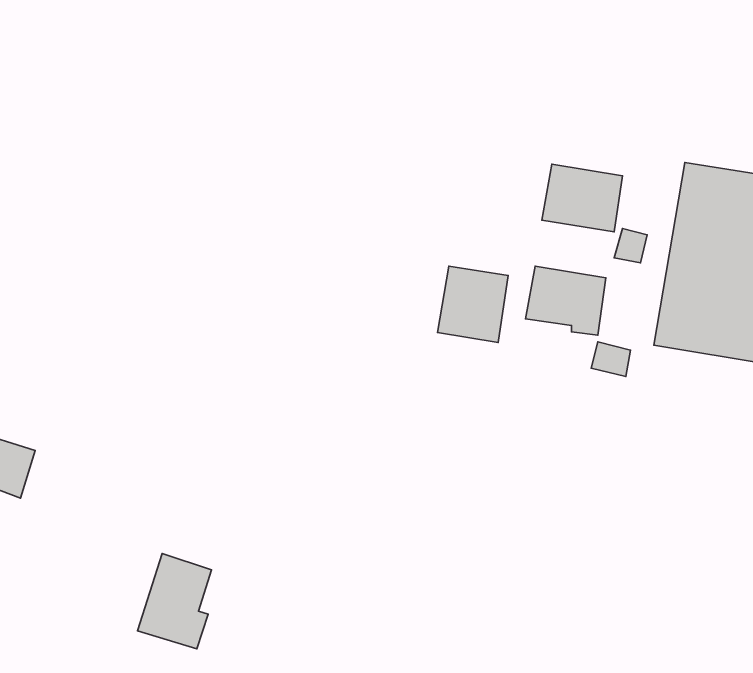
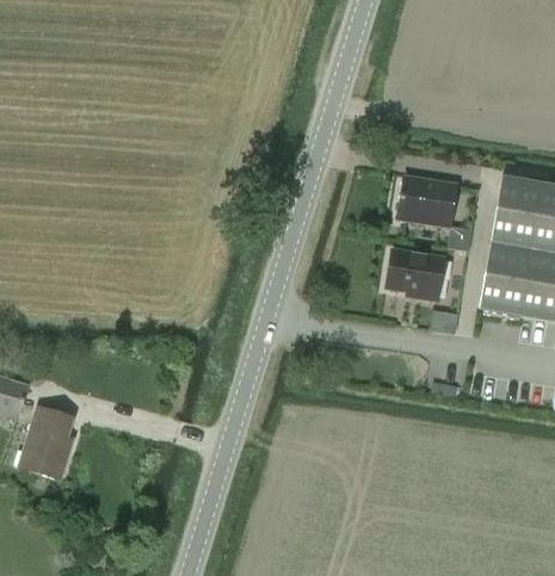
building: [437,266,508,343] -> none
building: [138,554,212,649] -> [19,408,73,477]

